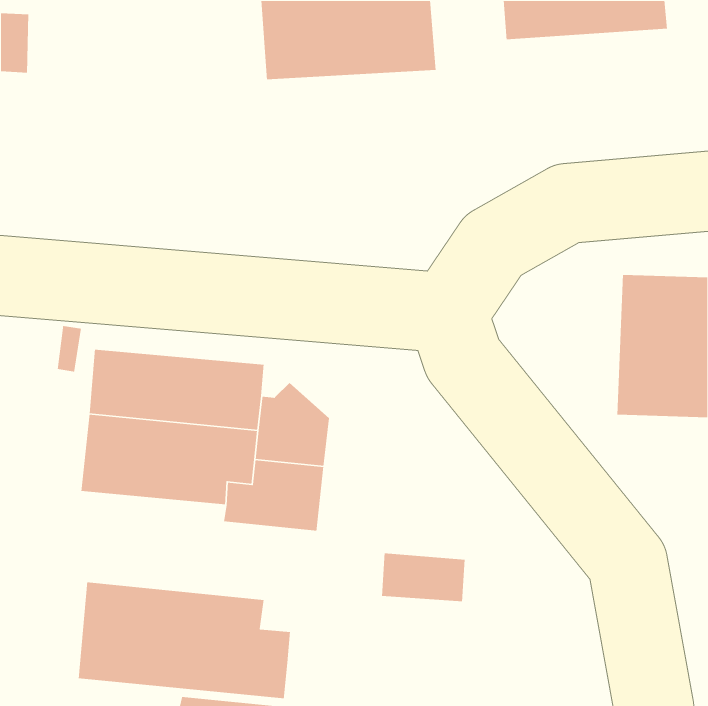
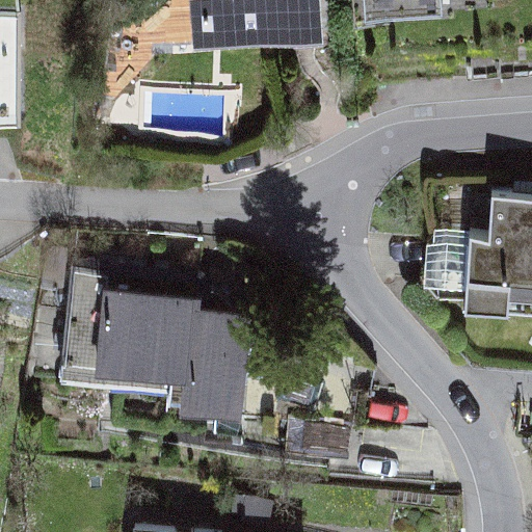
building: [78,581,291,699] -> none

